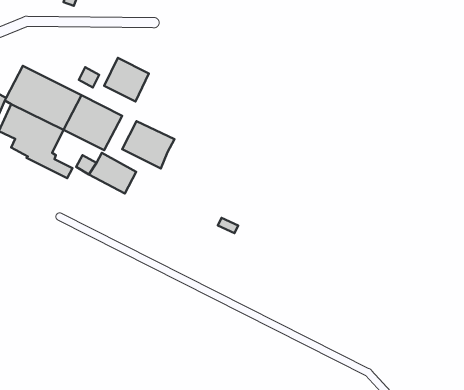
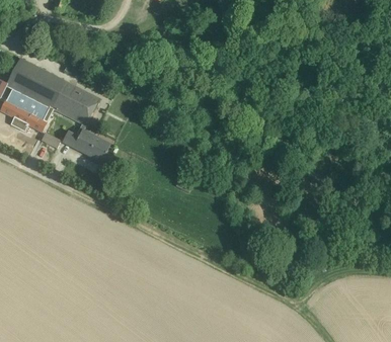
building: [104,58,149,101] -> none
building: [122,121,174,169] -> none

